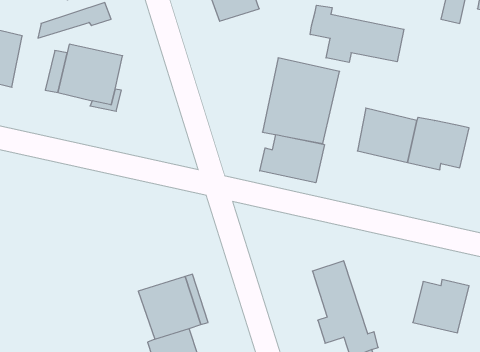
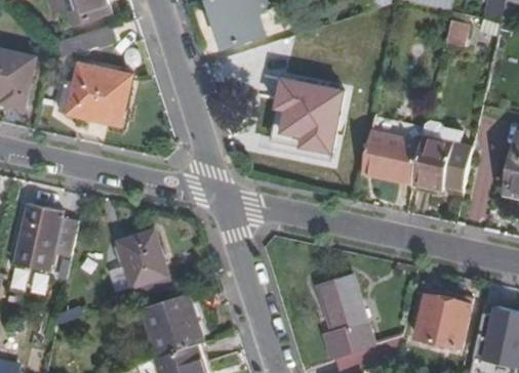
building: [310,5,404,62] -> none
building: [260,135,324,183] -> none
building: none -> [16,206,63,267]
building: none -> [119,235,170,289]

